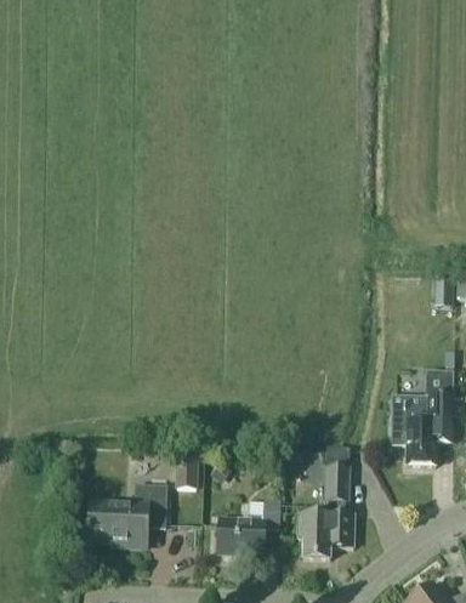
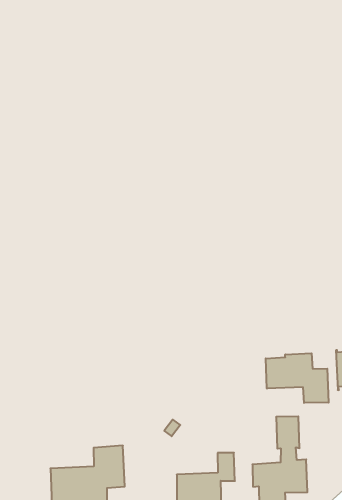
building: none -> [266,353,329,403]
building: [175,454,199,487] -> none

